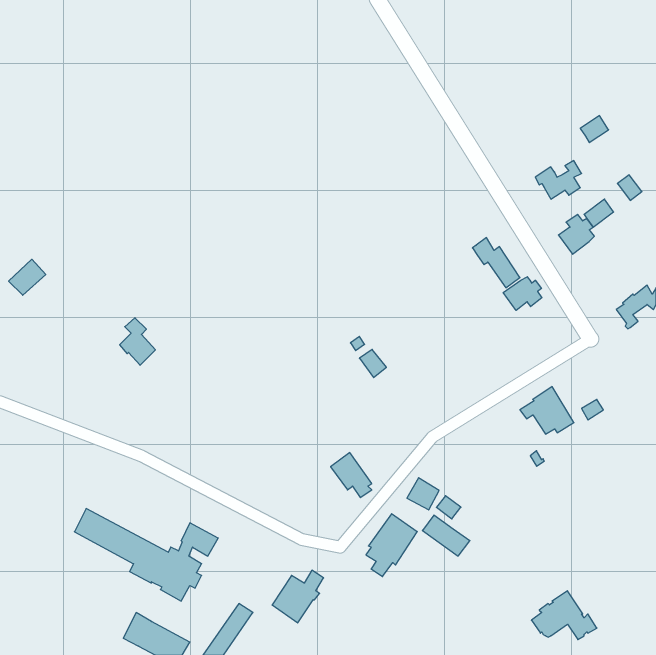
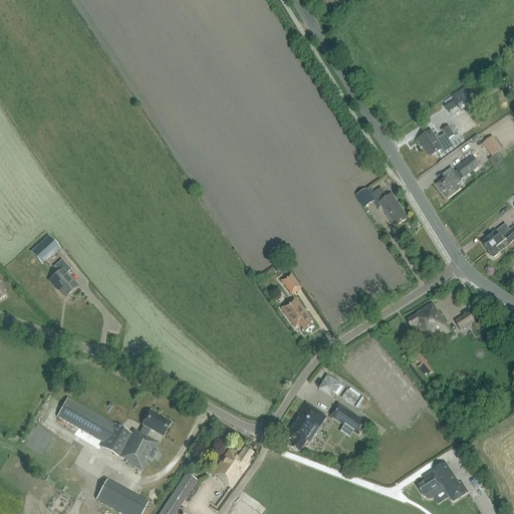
building: [9,259,46,295] -> [30,235,59,263]
building: [503,277,542,310] -> none
building: [120,318,155,365] -> [49,259,77,296]
building: [331,453,372,498] -> [280,296,312,331]

